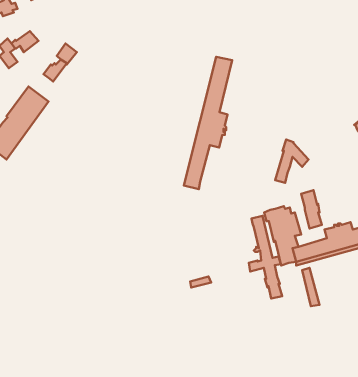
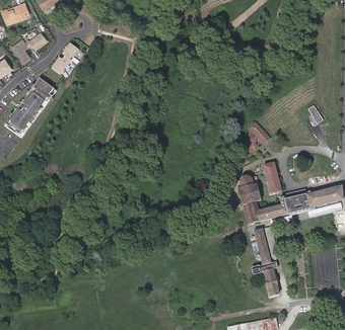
building: [184,57,232,189] -> none
building: [249,216,282,299] -> [252,228,279,296]

